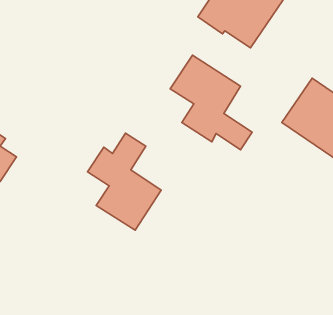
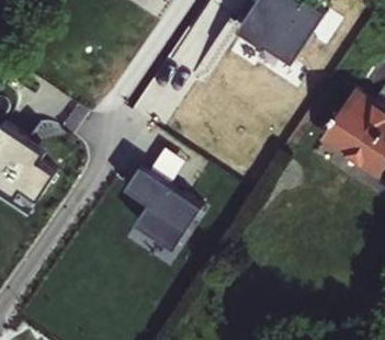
building: [170,55,252,150] -> none

